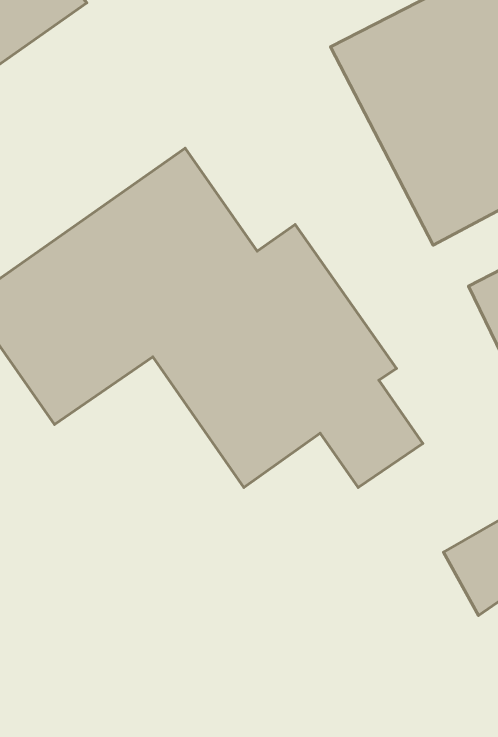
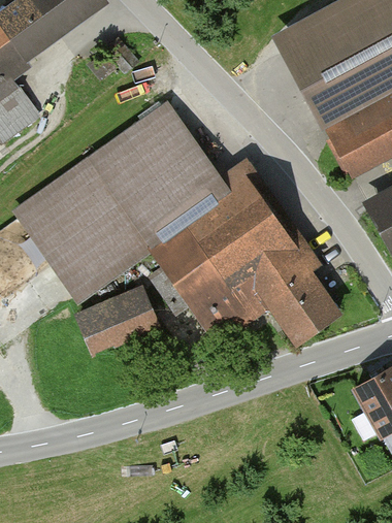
building: none -> [76,288,155,350]

